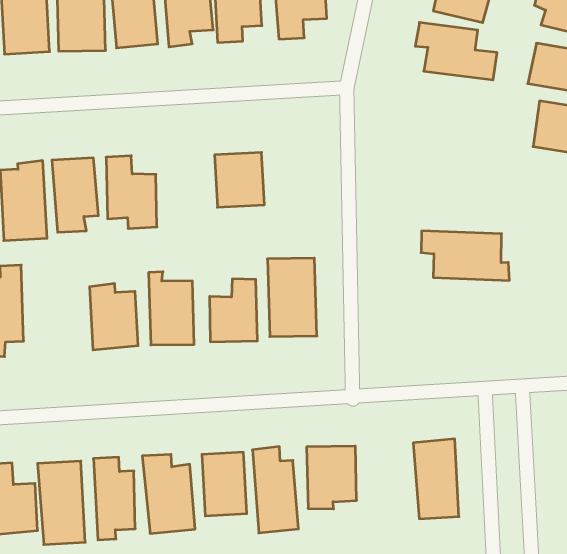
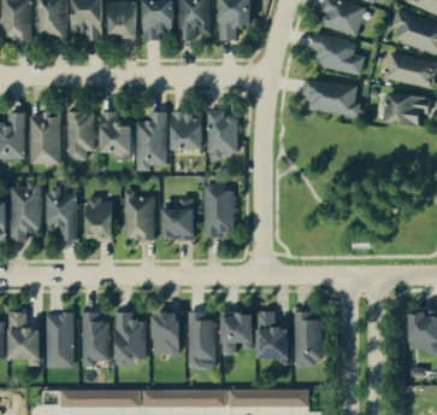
building: none -> [207,111,237,160]
building: none -> [134,112,166,171]
building: [421,231,509,280] -> [301,80,359,116]
building: none -> [45,187,75,240]
building: none -> [259,311,290,366]

